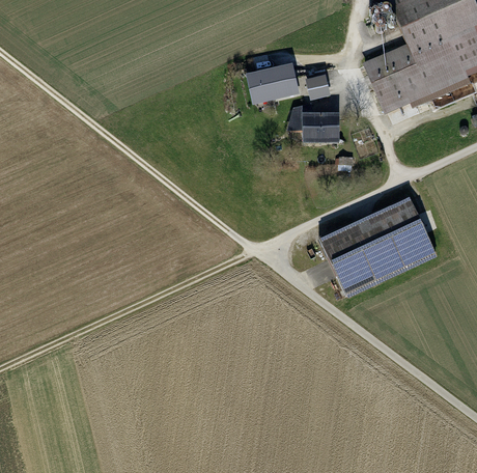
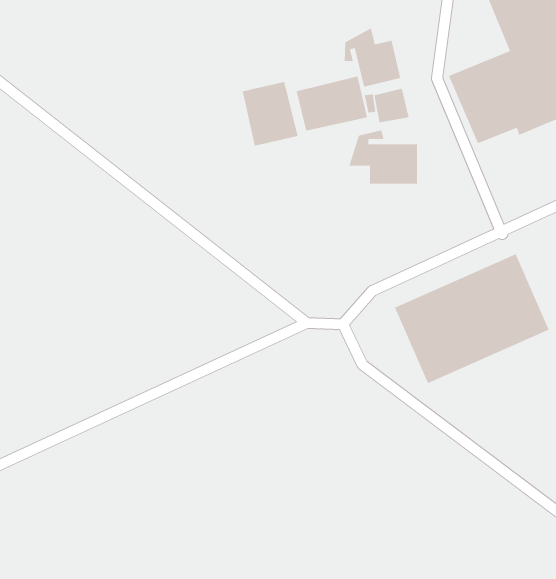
building: none -> [344,27,401,87]
building: none -> [242,81,298,147]

